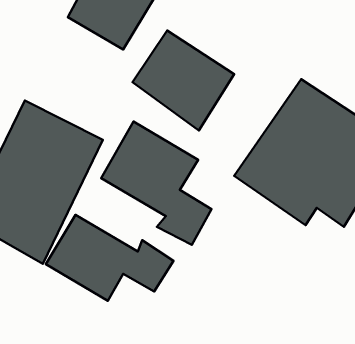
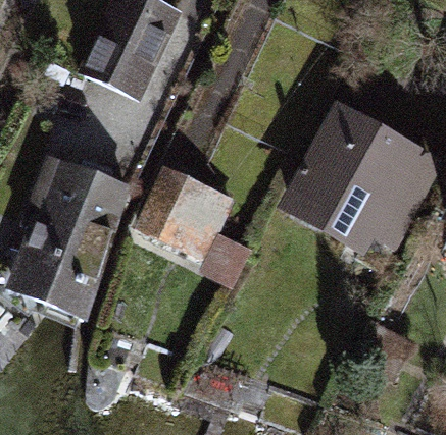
building: [132,30,234,131] -> none
building: [46,215,173,301] -> none

